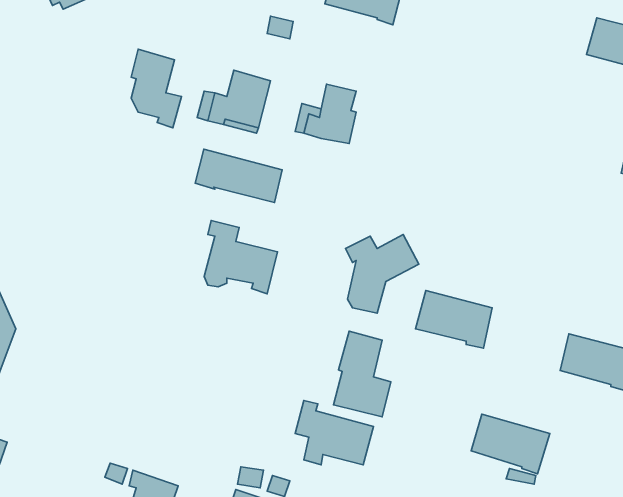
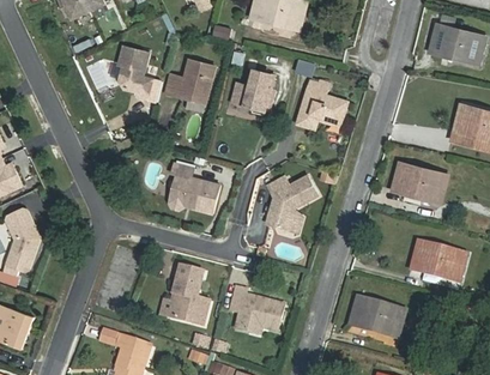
building: none -> [296,79,347,129]
building: [195,149,282,203] -> none
building: [415,290,492,348] -> [393,162,446,201]
building: [333,331,391,417] -> [169,266,208,325]

